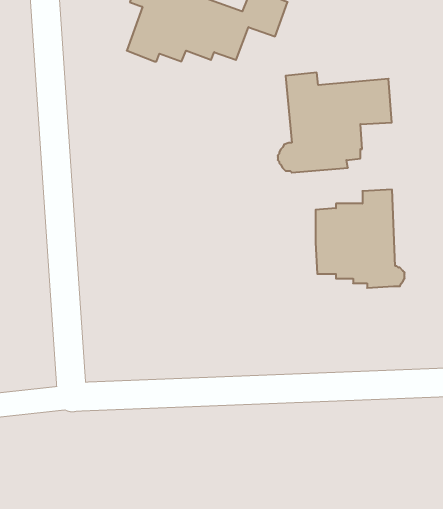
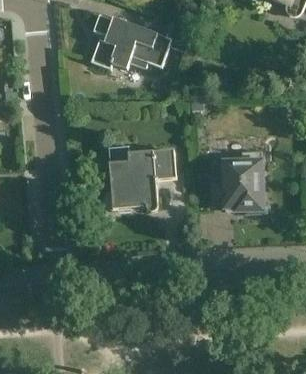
building: [278,73,392,173] -> [104,147,177,211]

